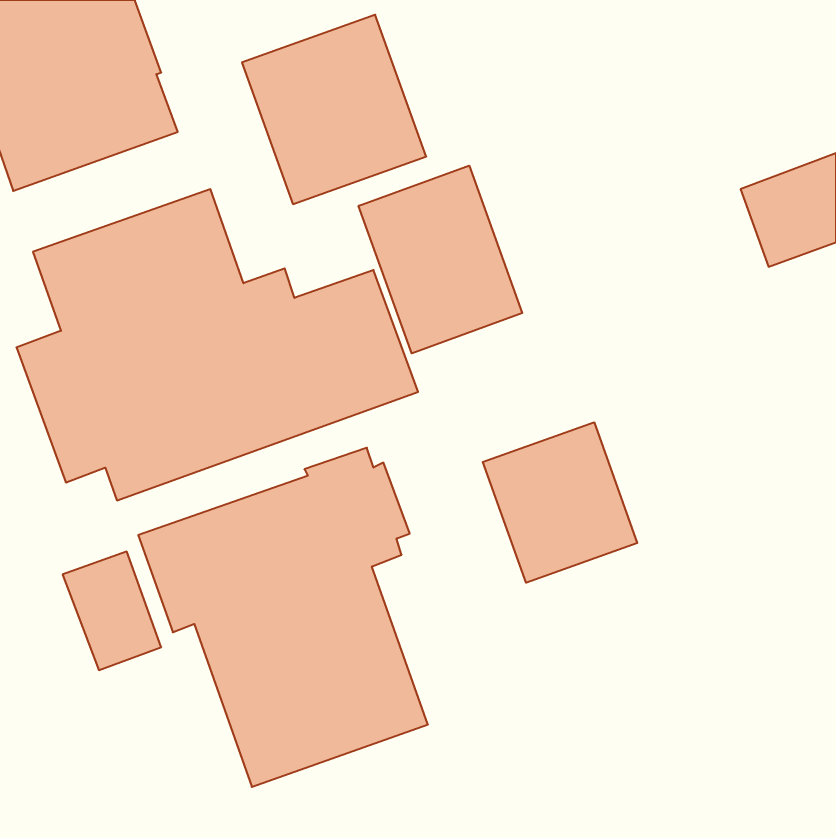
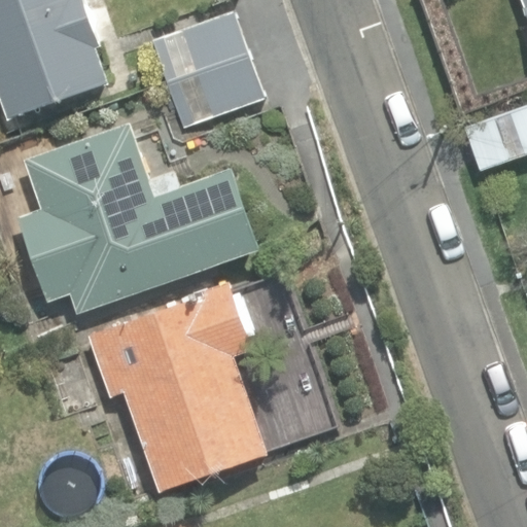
building: [359,166,522,353] -> none
building: [483,422,637,583] -> none

